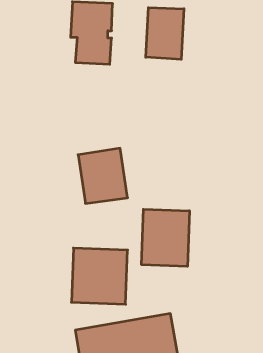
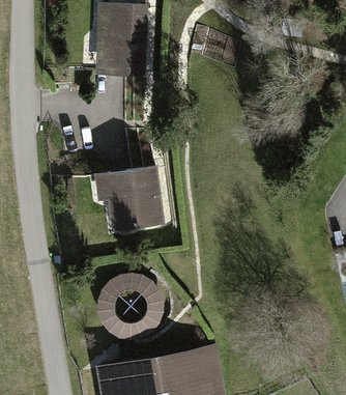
building: [146,8,184,59] -> none
building: [142,209,189,266] -> none

